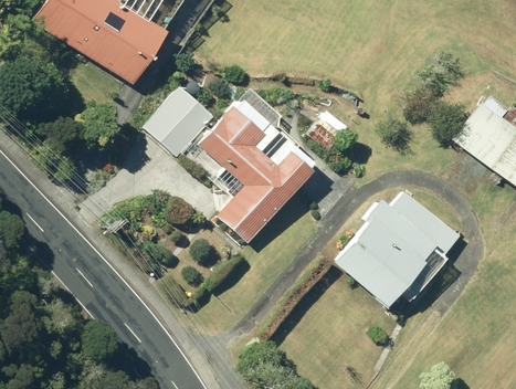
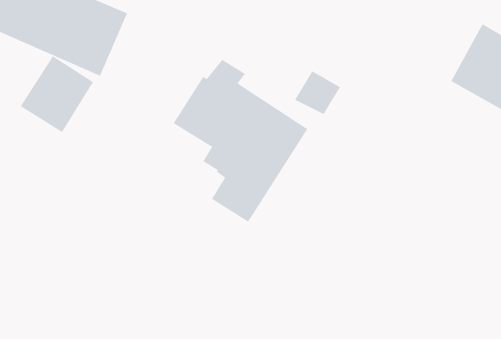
building: [143,85,213,157] -> [20,55,94,133]
building: [334,188,462,306] -> none

